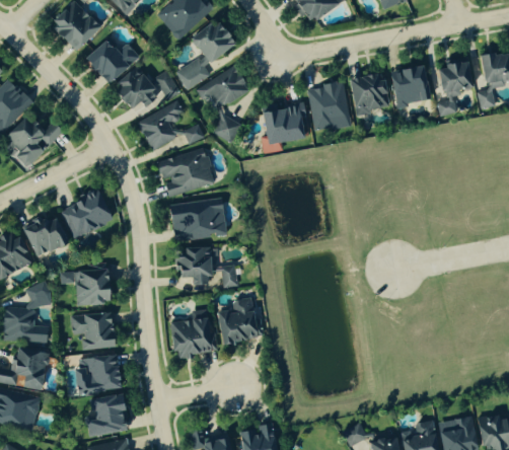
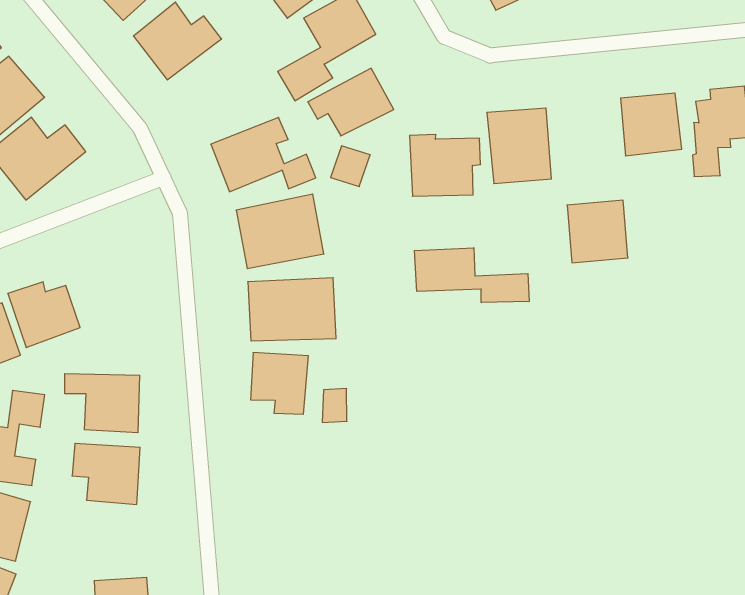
building: [117,67,179,110] -> none
building: [349,72,389,114] -> [567,200,628,263]
building: none -> [414,248,529,303]
building: [63,185,119,238] -> none
building: [217,298,265,344] -> none
building: [169,309,216,360] -> none
building: [75,356,118,393] -> none

